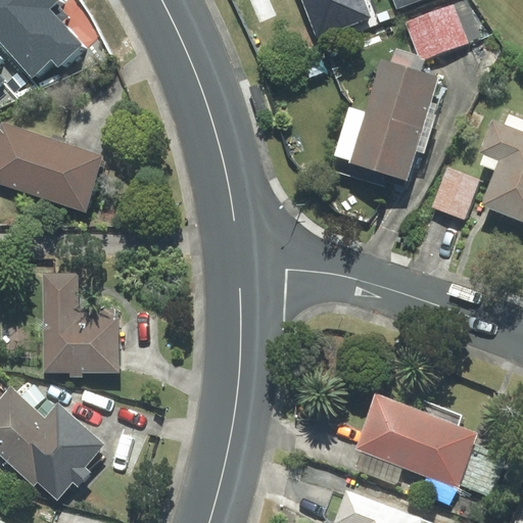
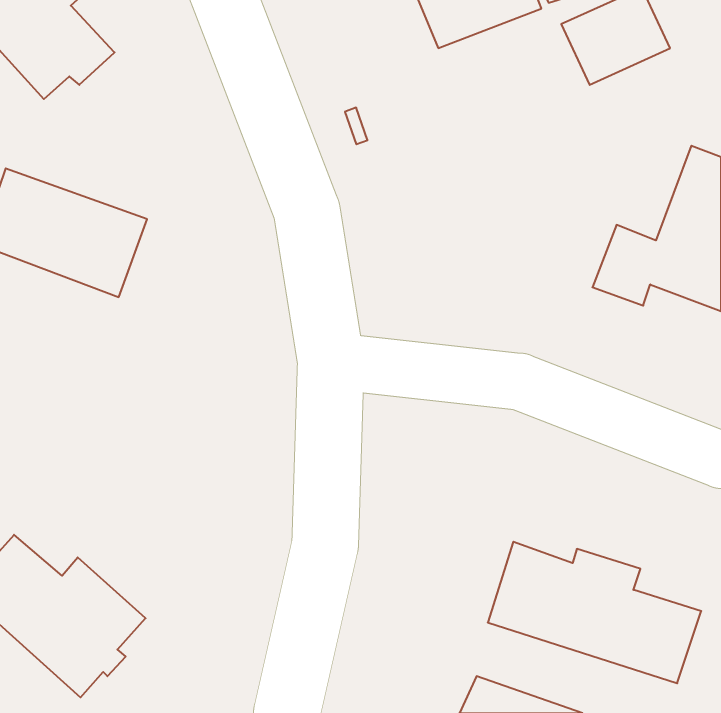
building: [334,50,436,182] -> none
building: [43,276,120,377] -> none

